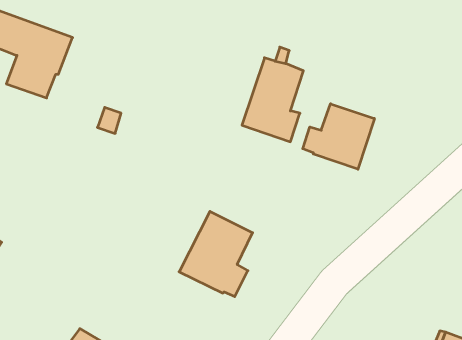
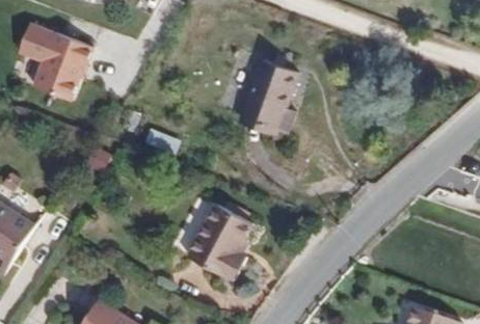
building: [303,104,374,169] -> none

